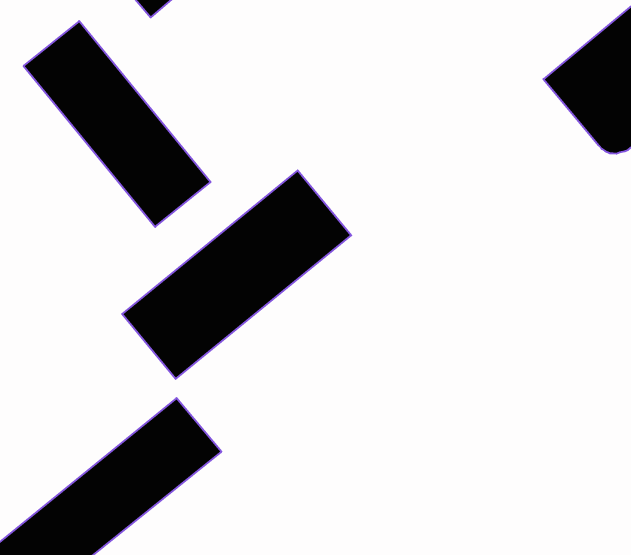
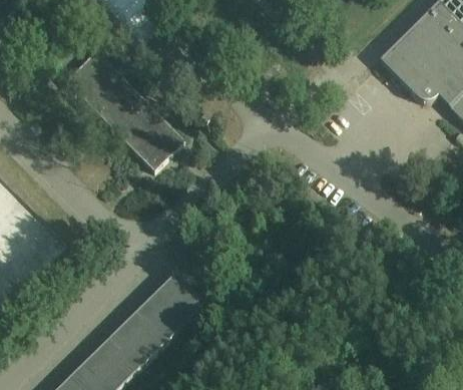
building: [122,170,351,379] -> none

